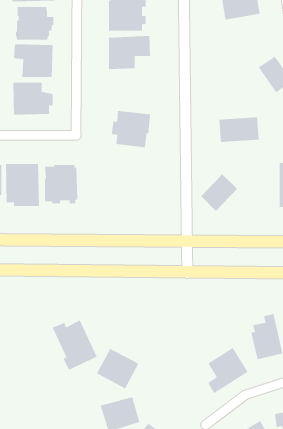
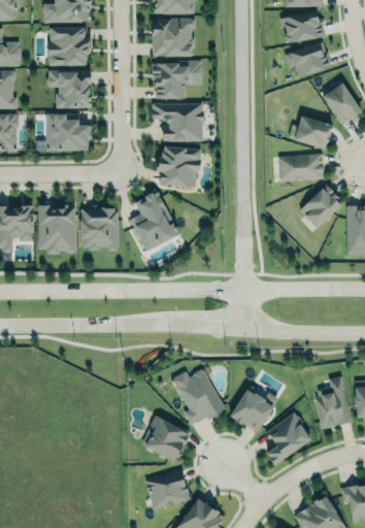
building: none -> [285,42,332,77]
building: none -> [152,103,203,142]
building: none -> [289,116,333,148]
building: none -> [130,193,180,253]
building: [200,173,238,212] -> [300,185,342,228]
building: [52,319,98,371] -> [172,368,224,426]
building: none -> [229,387,274,432]

